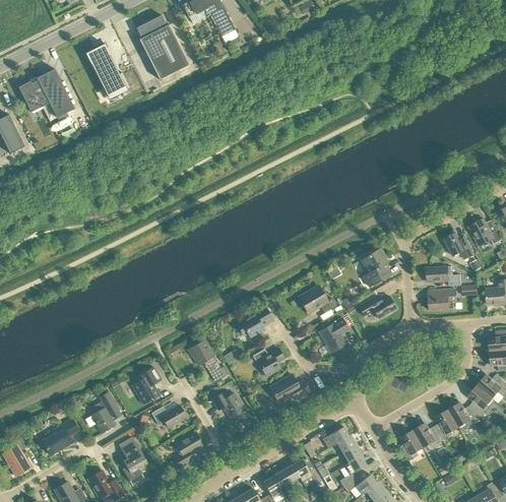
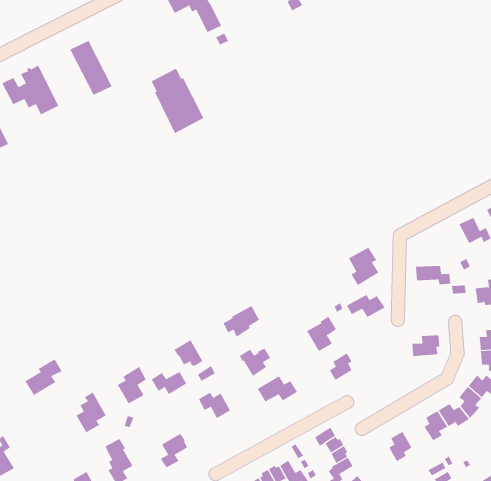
building: [135,14,188,79] -> [151,68,204,134]
building: [444,233,473,259] -> none
building: [298,286,336,313] -> none
building: [428,289,456,310] -> [411,335,440,356]
building: none -> [329,352,352,381]
building: [150,404,186,428] -> [151,371,187,395]
building: [41,418,78,454] -> [24,359,62,396]
building: [414,423,443,446] -> none

